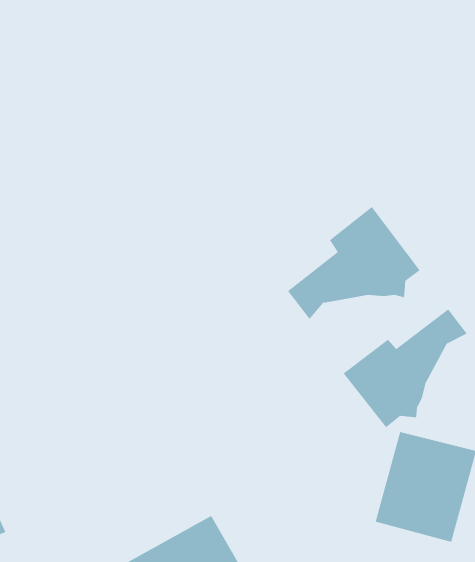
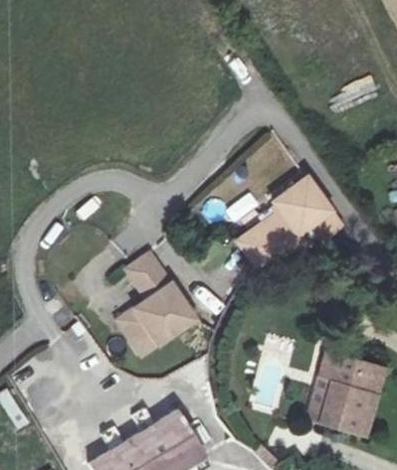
building: none -> [116,252,193,353]
building: [343,309,467,428] -> none

